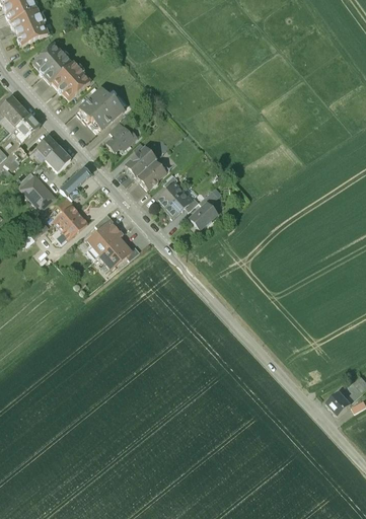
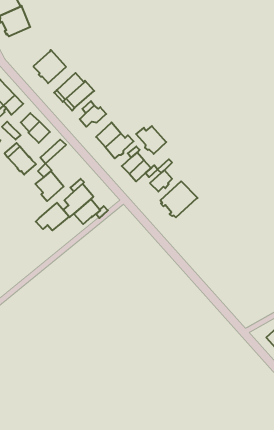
building: [32,43,71,81] -> none
building: none -> [136,126,166,154]
building: none -> [161,181,198,217]
building: none -> [36,203,69,230]

